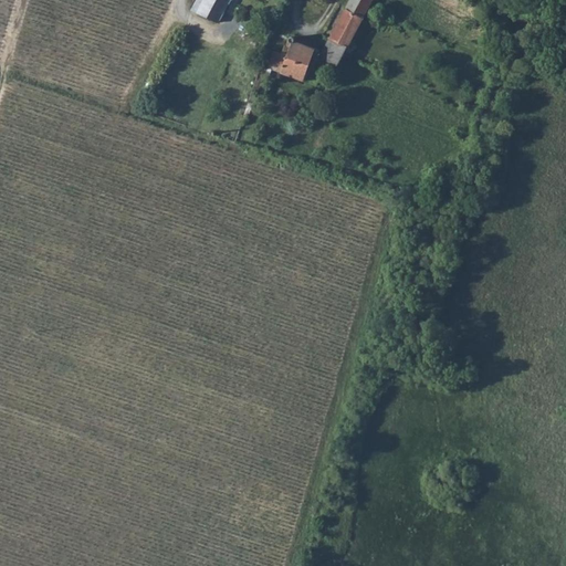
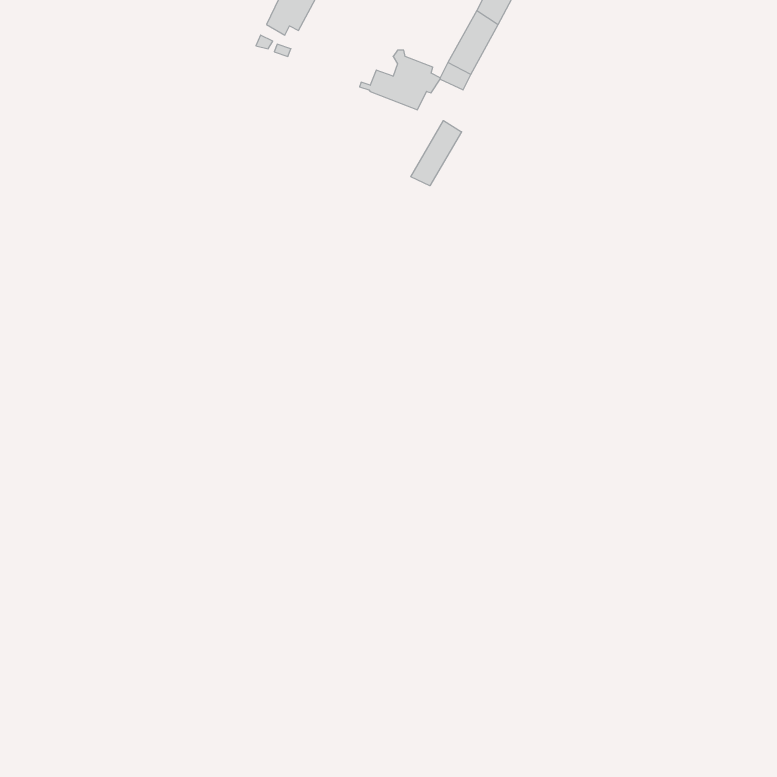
building: none -> [411,121,462,186]

